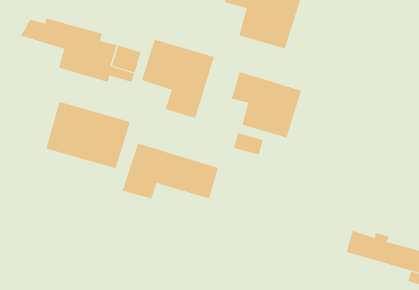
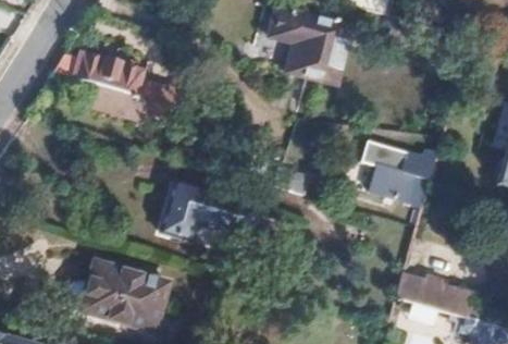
building: [141,39,215,119] -> none
building: [231,72,302,138] -> [362,143,436,212]
building: [45,101,131,169] -> [79,257,169,328]

